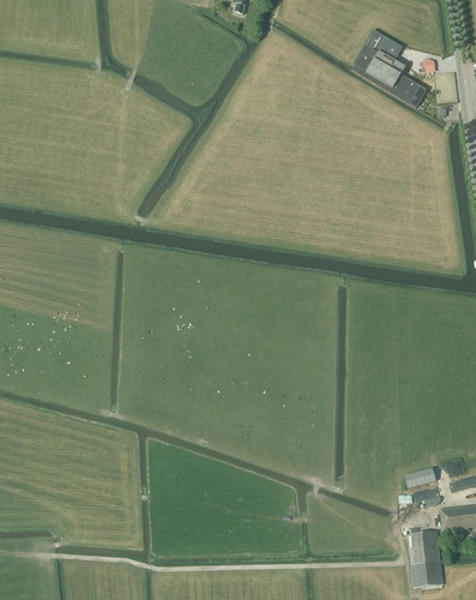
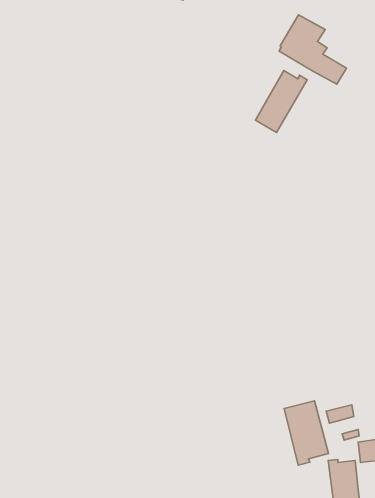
building: none -> [256,71,307,132]
building: none -> [284,401,329,465]

